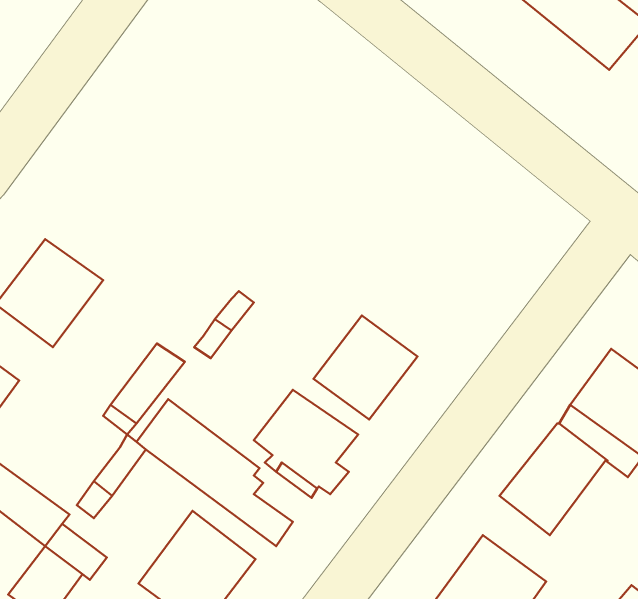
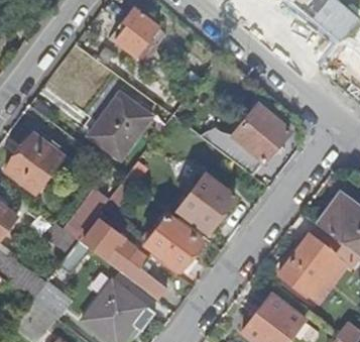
building: none -> [116,8,159,56]
building: none -> [89,92,152,158]
building: none -> [213,106,289,174]

